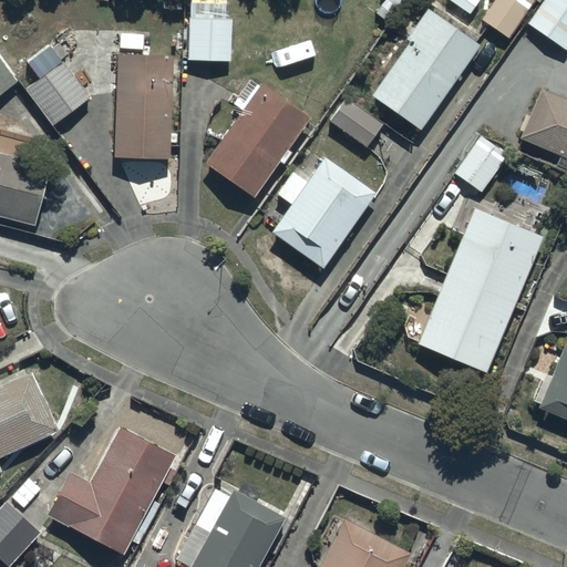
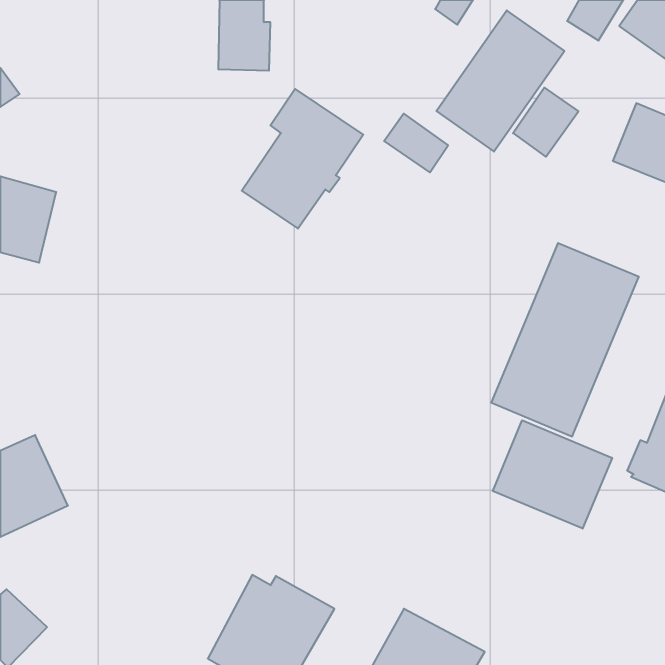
building: [25,45,91,126] -> none
building: [116,54,172,157] -> none
building: [453,135,508,194] -> [513,88,578,157]
building: [270,158,375,268] -> none
building: none -> [493,420,612,529]
building: [48,426,175,555] -> none

